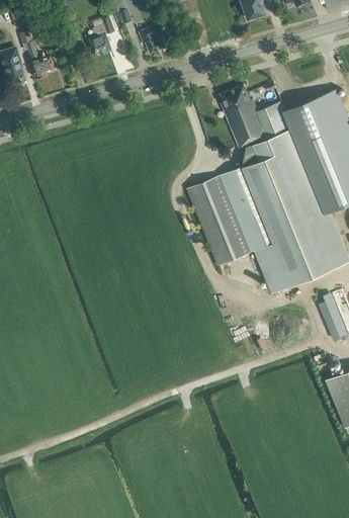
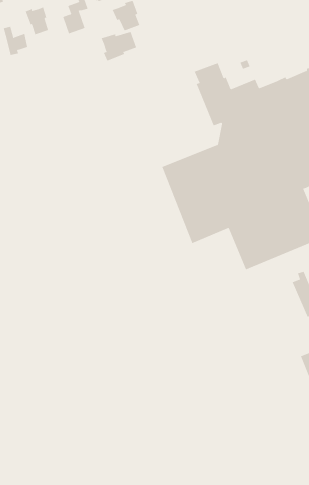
building: none -> [25,6,49,35]
building: none -> [101,31,137,61]

